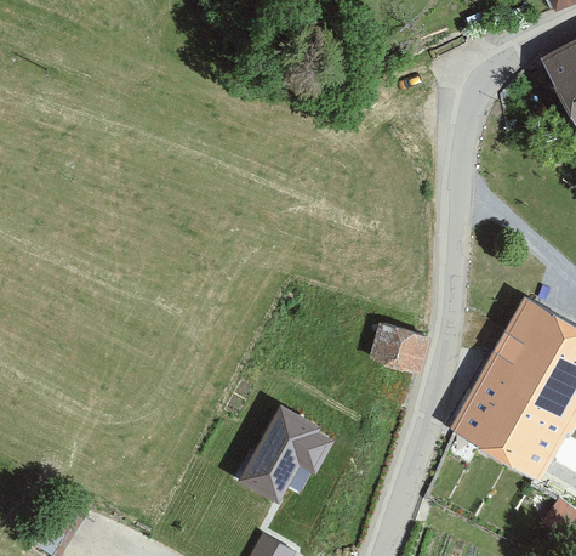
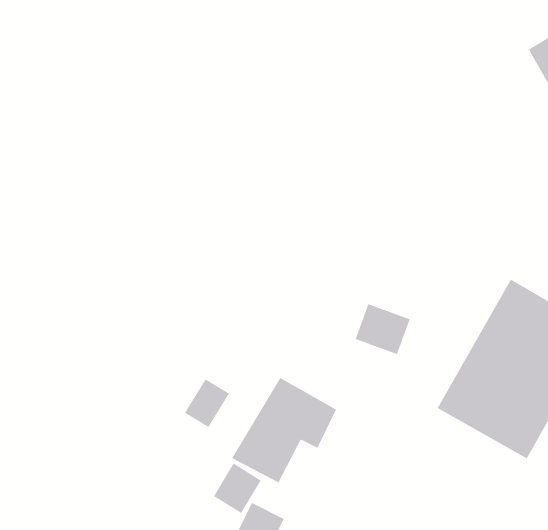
building: none -> [184,379,230,428]
building: none -> [213,463,262,514]

